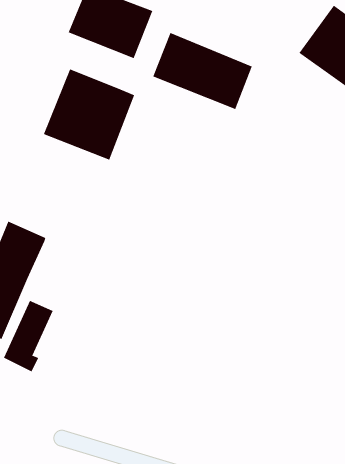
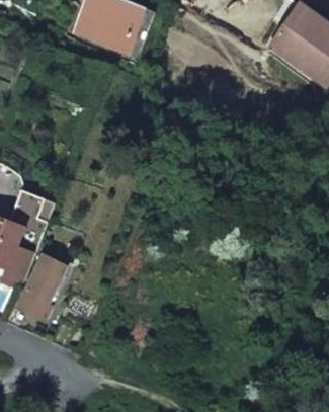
building: [152,32,252,110] -> none
building: [43,68,135,161] -> none

